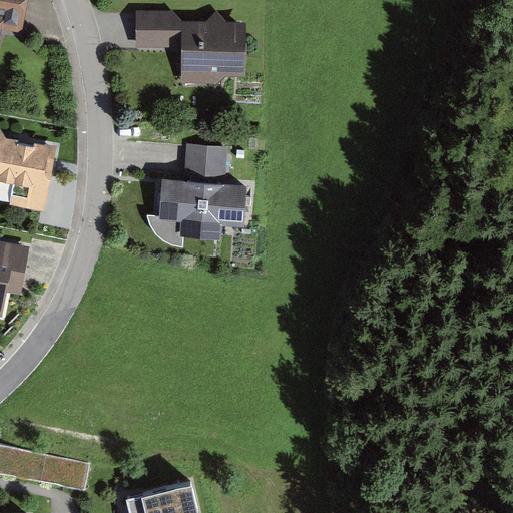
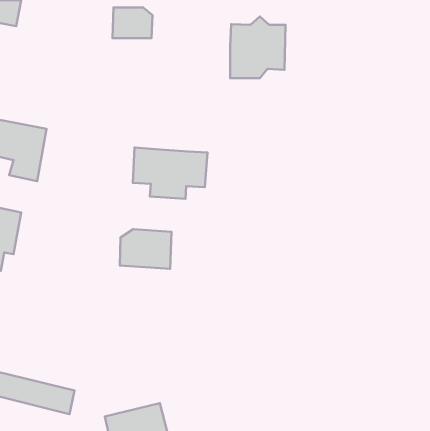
building: [179,11,244,84] -> [230,16,285,78]
building: [183,144,225,181] -> none
building: none -> [120,229,172,269]

